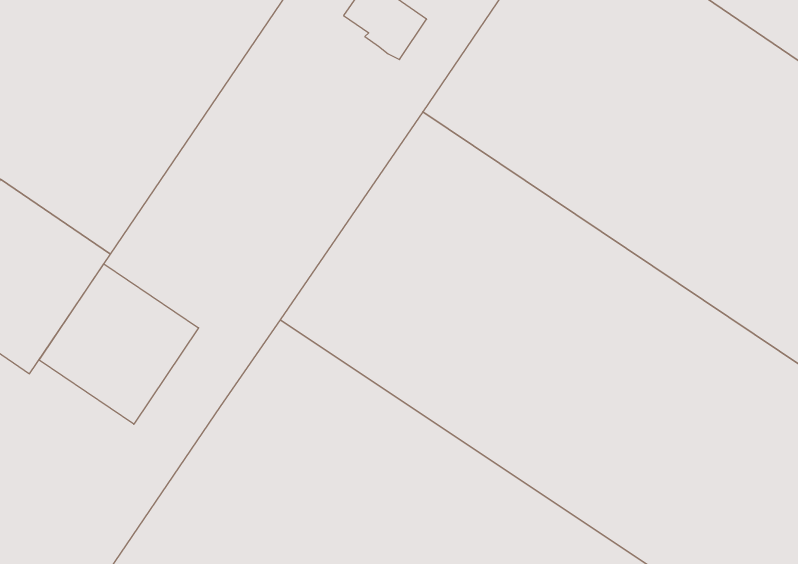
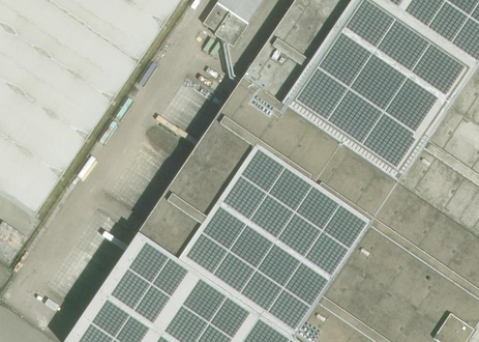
building: [39,264,199,424] -> none

